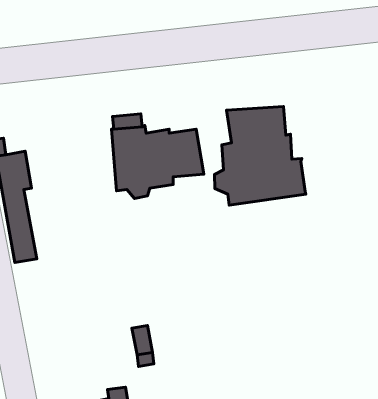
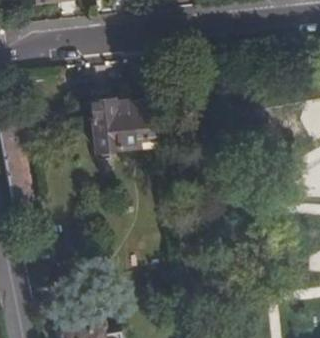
building: [215,106,306,205] -> none

